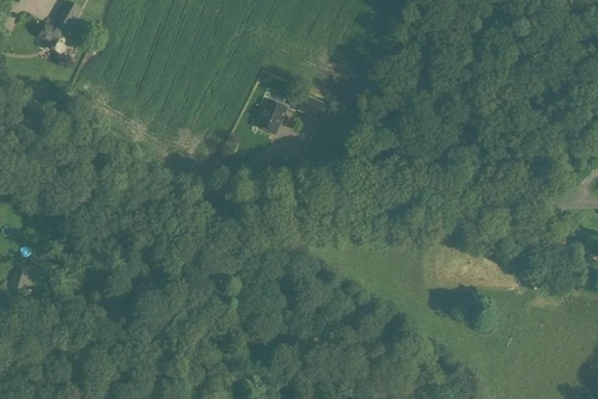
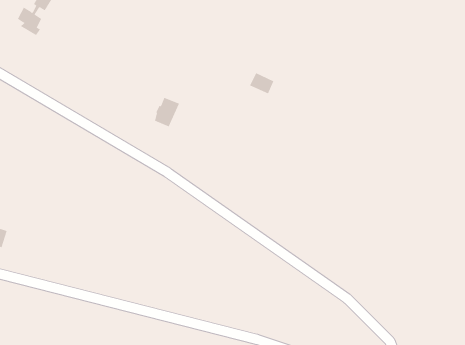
building: [257,99,286,133] -> [154,97,180,127]

